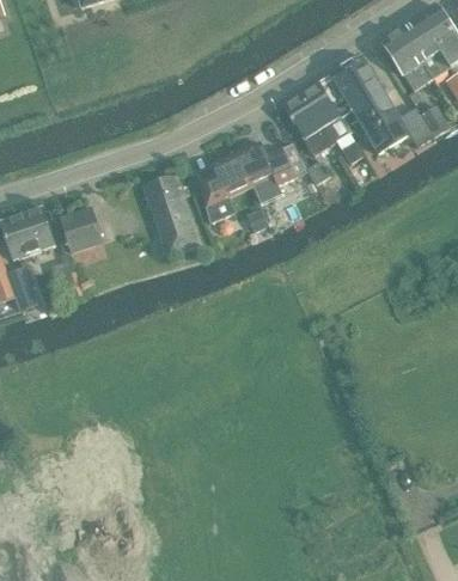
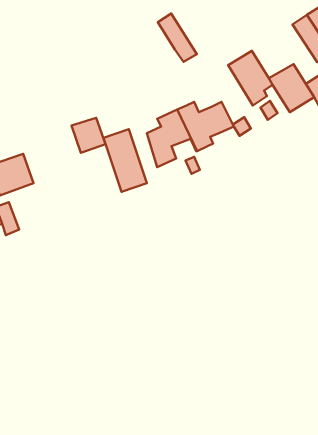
building: [331,56,384,110] -> none
building: [283,93,332,154] -> [158,14,197,62]
building: [60,207,103,251] -> [72,118,106,153]

